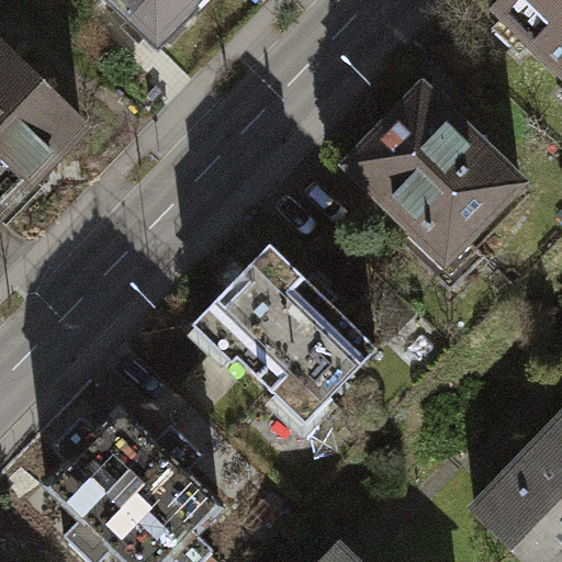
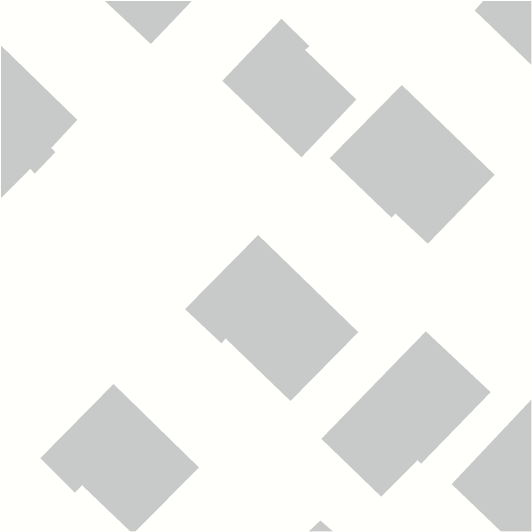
building: none -> [222,18,357,158]
building: none -> [321,330,491,498]

